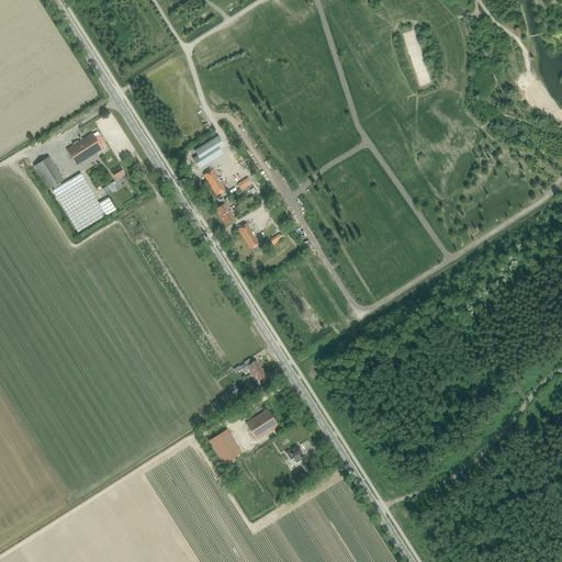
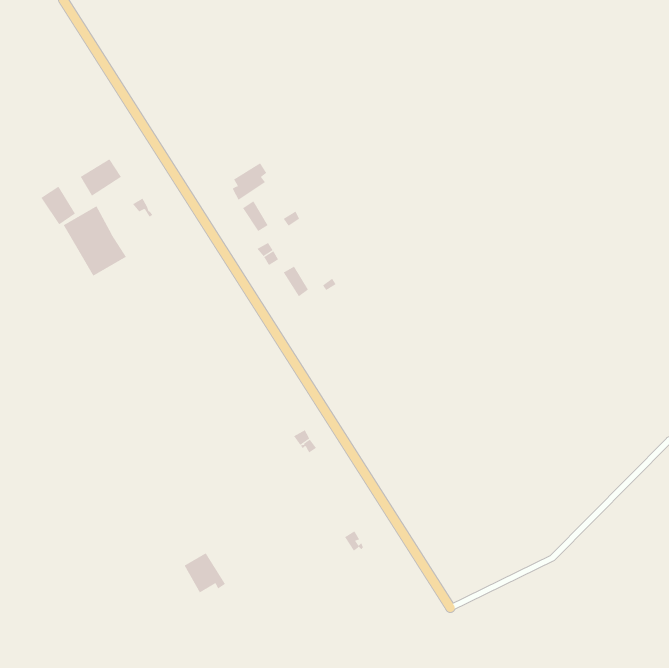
building: [246,408,278,438] -> none
building: [207,426,243,460] -> [184,553,226,593]

